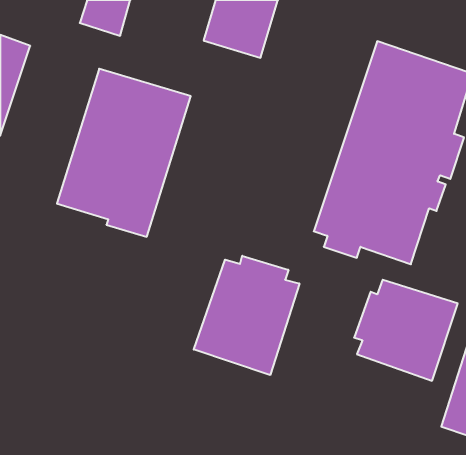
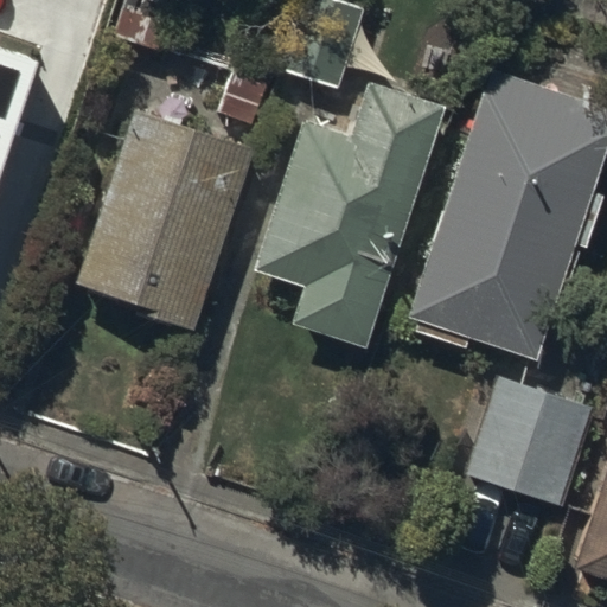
building: none -> [255,79,445,346]
building: [194,256,299,375] -> none

